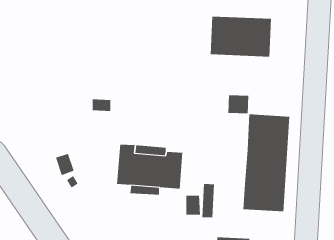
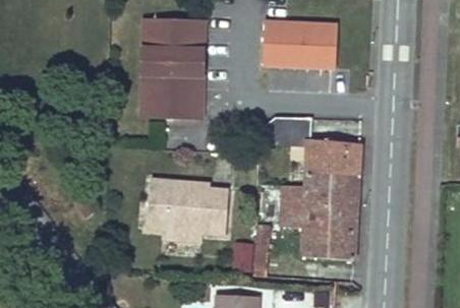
building: none -> [140,20,208,120]
building: none -> [281,182,308,226]

